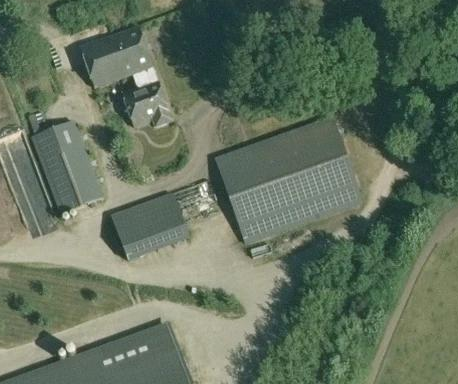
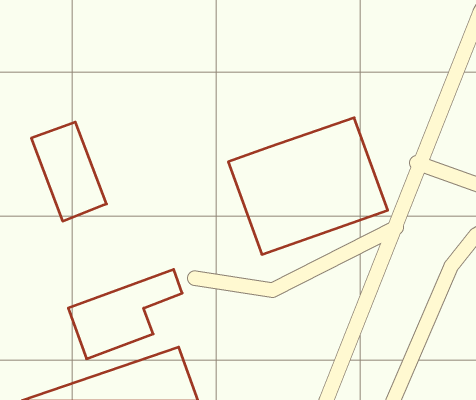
building: [80,26,172,126] -> none
building: [111,177,217,260] -> [68,269,182,359]

